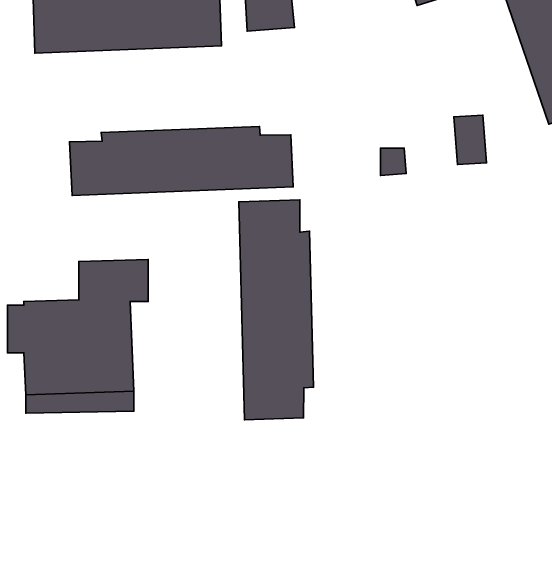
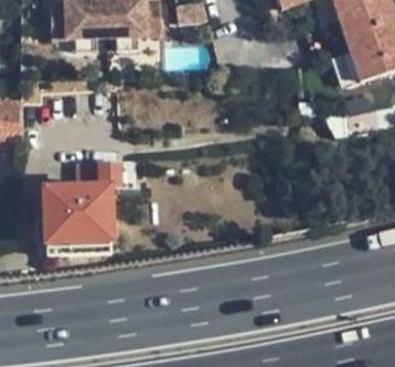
building: [69,127,293,196] -> none
building: [239,200,313,420] -> none

